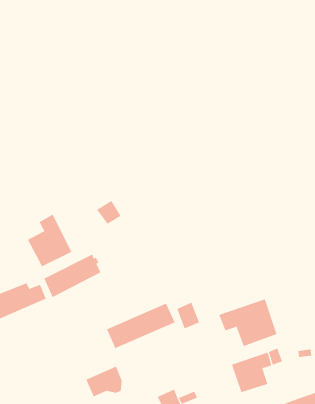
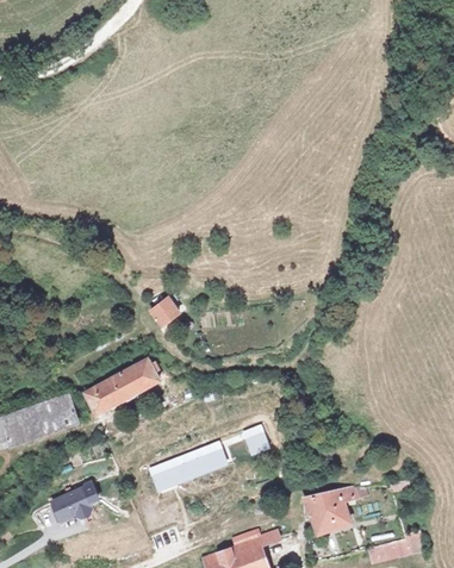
building: [27,214,72,267] -> none
building: [219,299,277,347] -> none
building: [85,366,123,397] -> [62,486,107,524]

